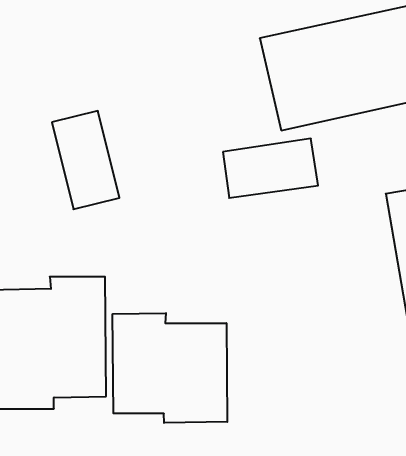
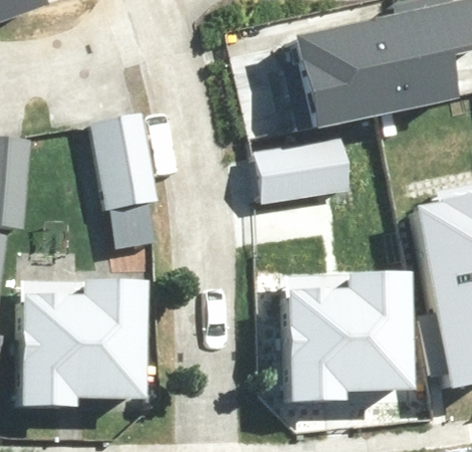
building: none -> [298,265,415,396]
building: [113,313,227,423] -> none

